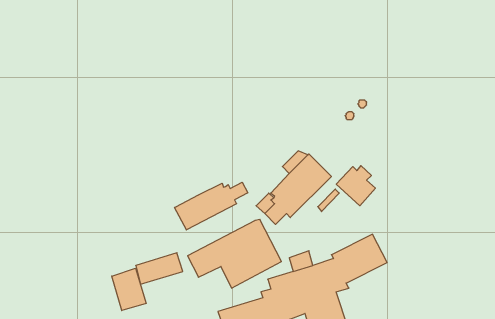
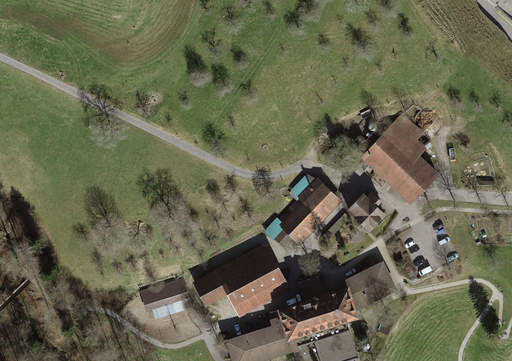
building: none -> [362,115,439,203]
building: [175,182,248,230] -> none
building: [112,268,146,311] -> none

